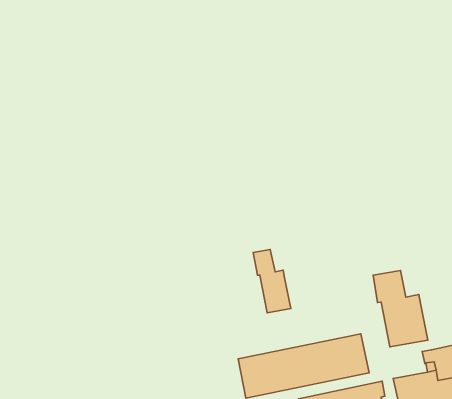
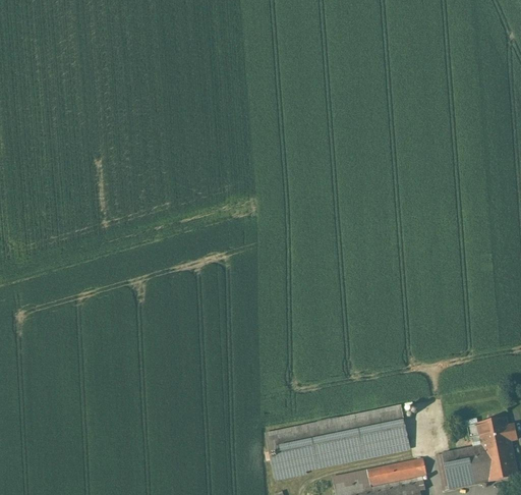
building: [253,250,291,313] -> none
building: [373,270,428,347] -> none

